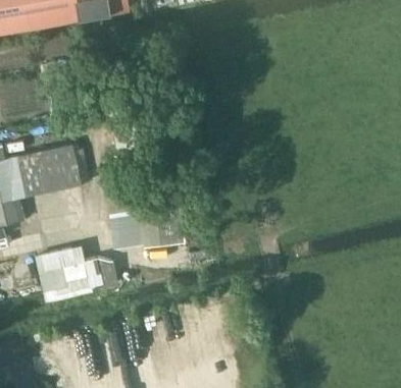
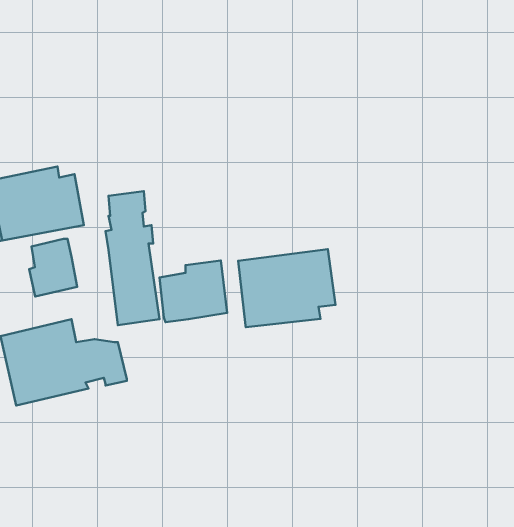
building: none -> [29,239,77,297]
building: none -> [238,249,336,327]

